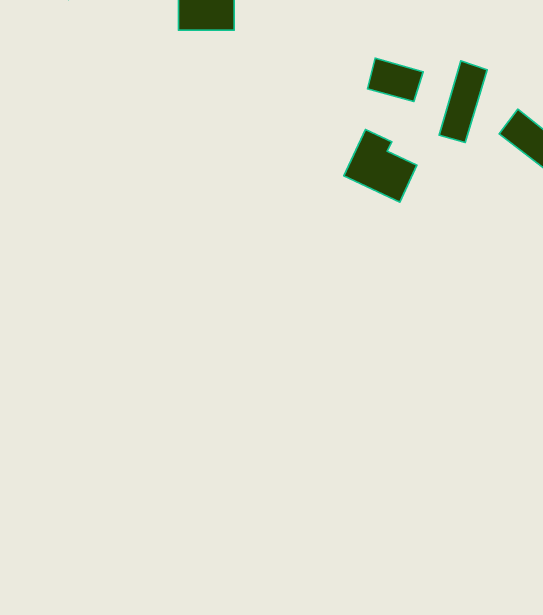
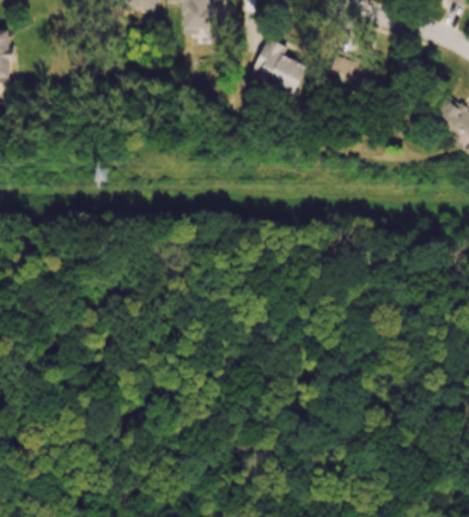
building: [439,61,487,143] -> none
building: [344,129,417,202] -> [250,38,306,95]

